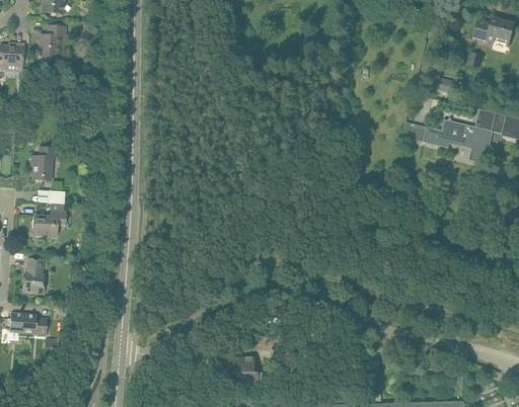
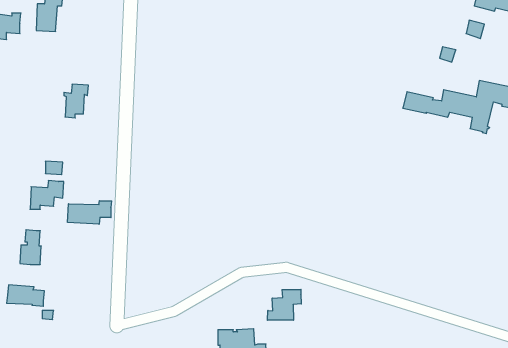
building: [31,146,56,179] -> [64,84,88,118]
building: none -> [68,201,112,224]
building: none -> [267,289,301,320]

